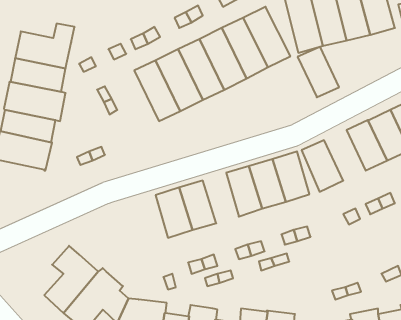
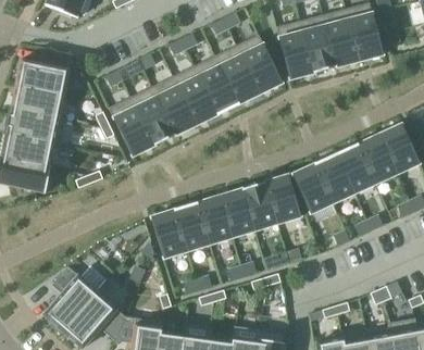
building: [298,47,339,97] -> [315,153,356,202]
building: none -> [110,96,155,155]
building: none -> [198,195,233,243]

